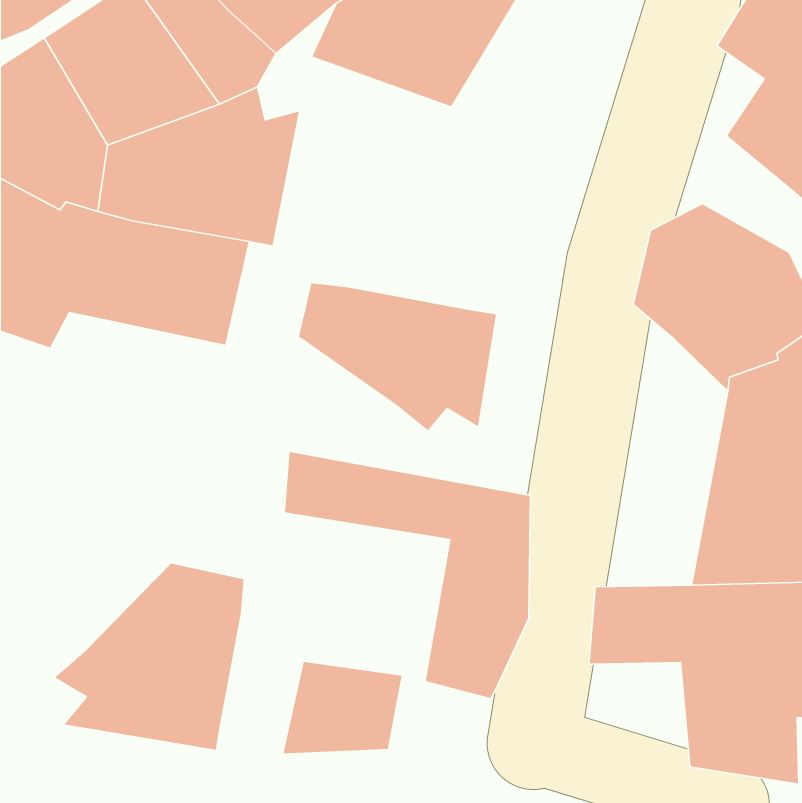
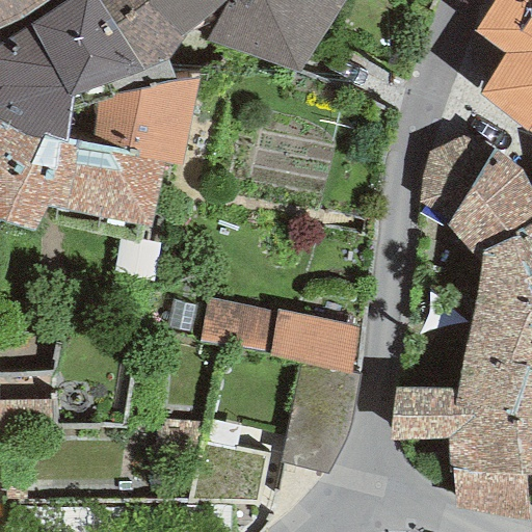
building: [298,283,497,431] -> none
building: [54,563,244,751] -> none

